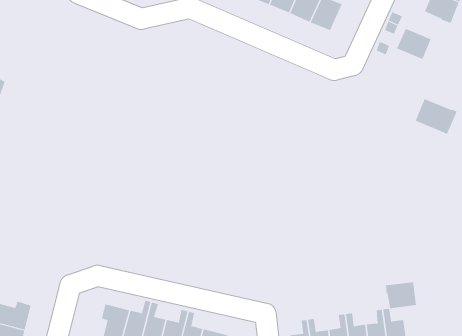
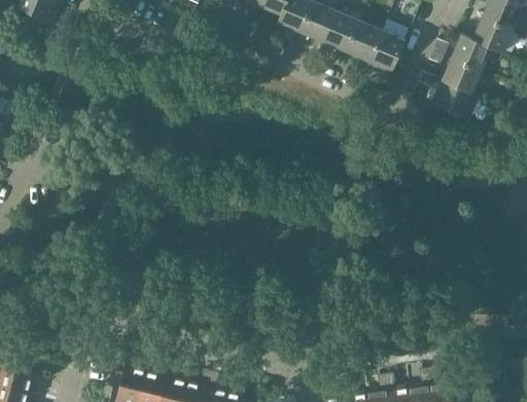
building: none -> [364,31,403,77]
building: none -> [451,34,490,70]
building: [415,98,458,135] -> [430,80,478,120]
building: [386,281,417,309] -> none

